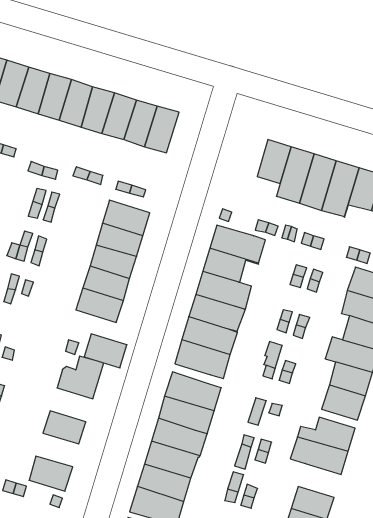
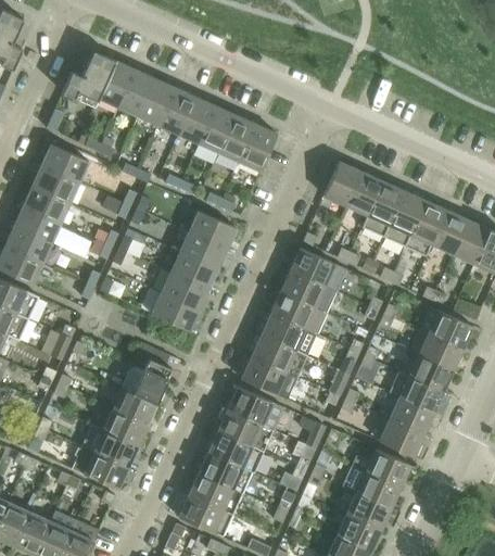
building: none -> [323,162,360,206]
building: [84,334,127,368] -> [113,388,156,425]
building: none -> [93,430,137,467]
building: none -> [346,493,390,530]

